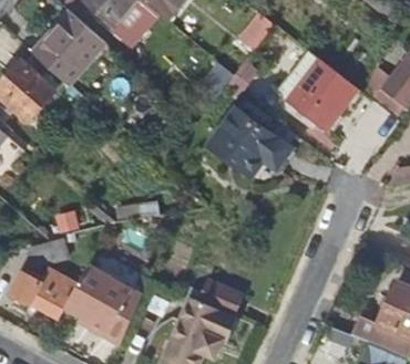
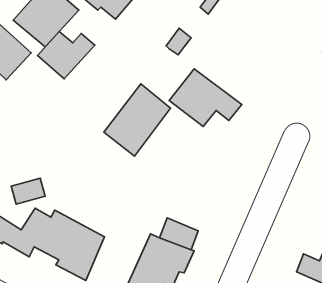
building: [287,60,356,129] -> none
building: none -> [38,31,95,79]
building: none -> [104,84,171,156]

